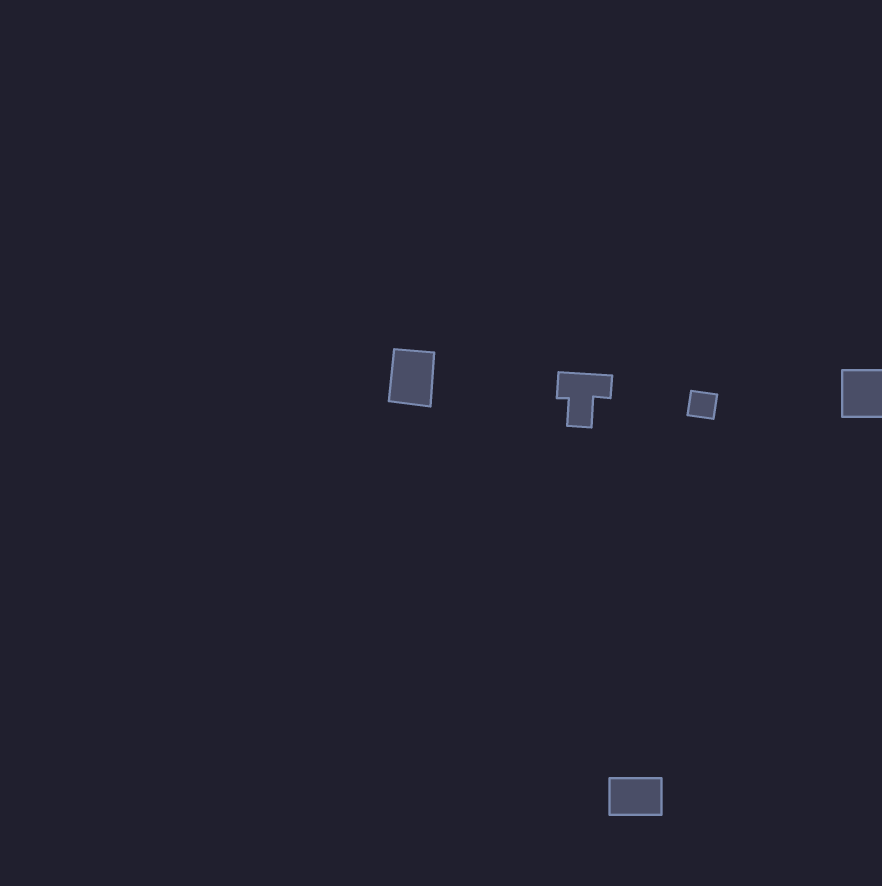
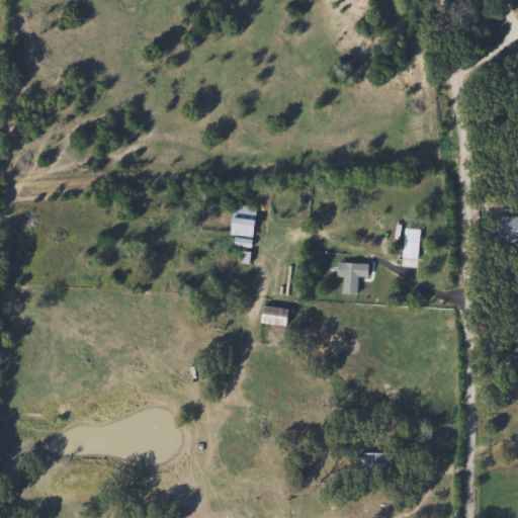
building: [557,372,612,428] -> [337,262,369,294]
building: none -> [259,305,289,328]

